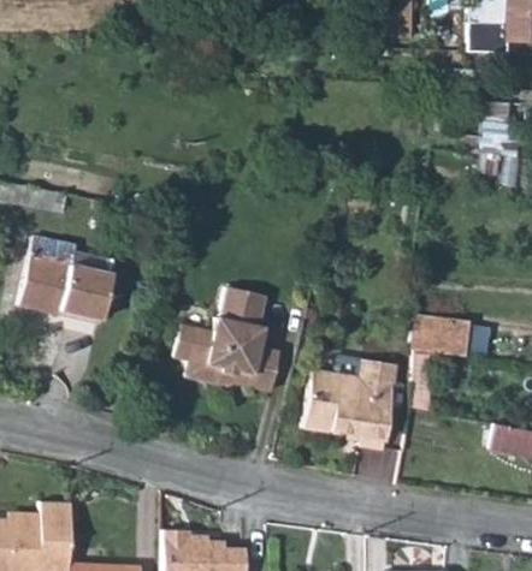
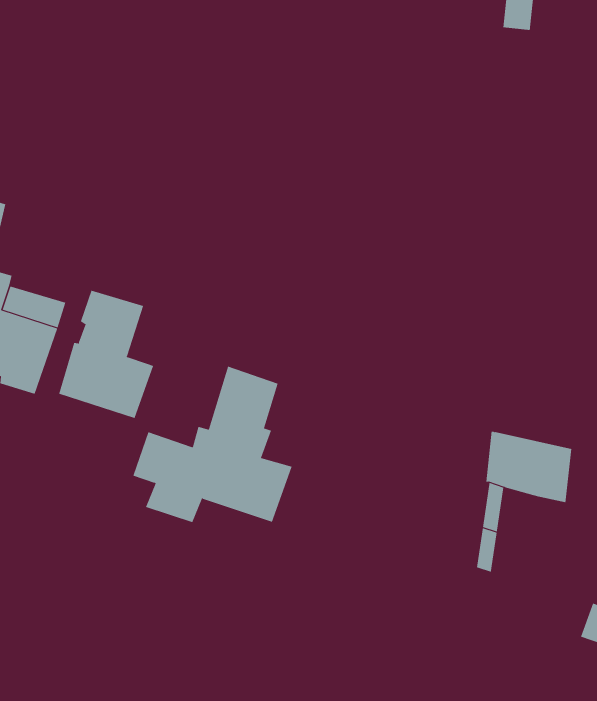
building: none -> [59,290,154,419]
building: [301,363,397,454] -> none

